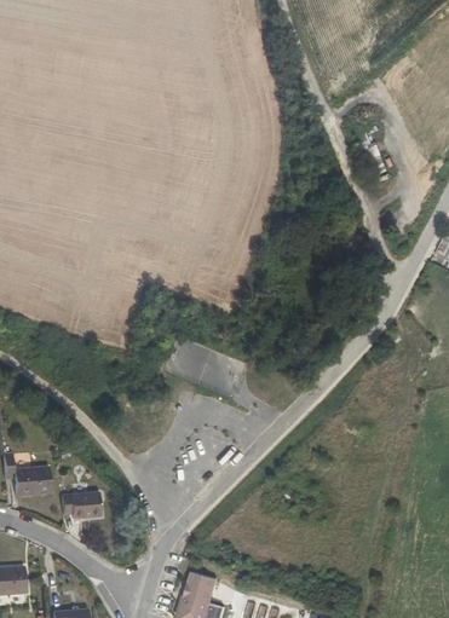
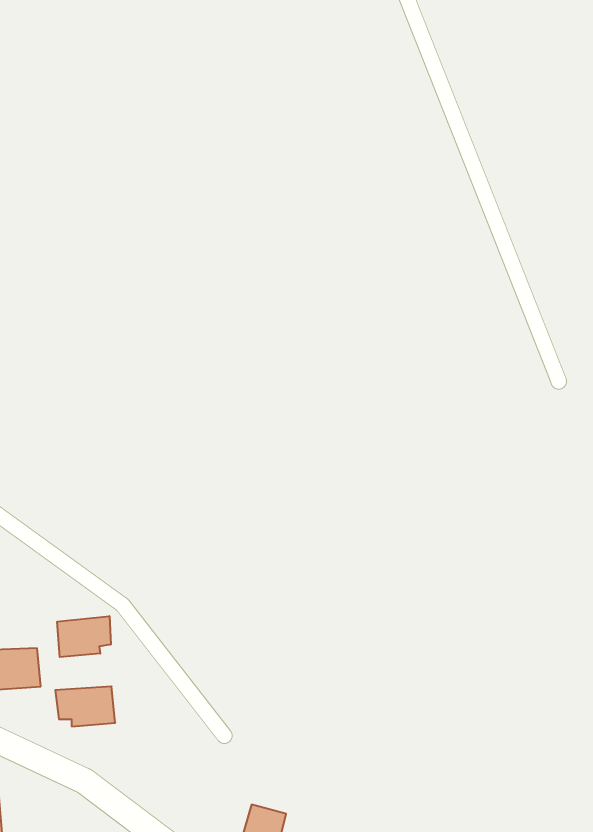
building: none -> [57,616,111,657]

